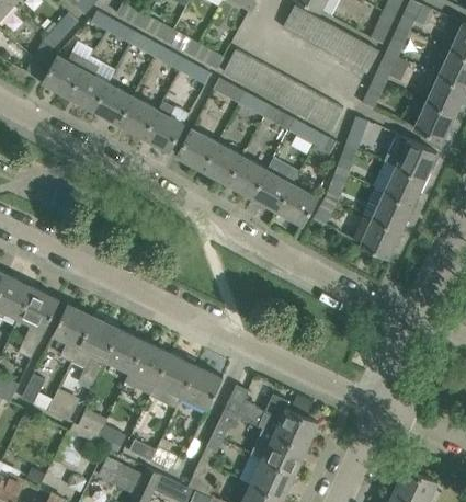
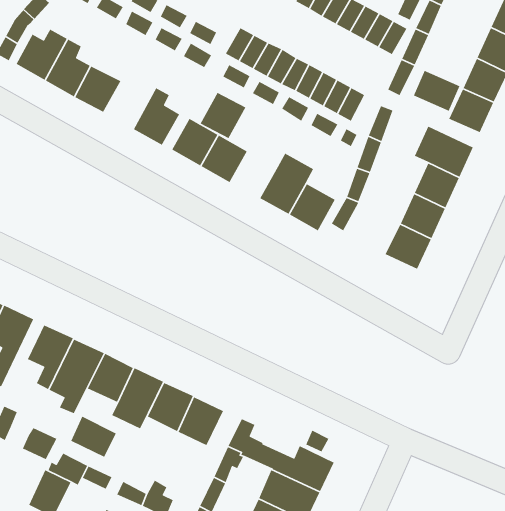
building: none -> [413,70,461,112]
building: [118,96,163,138] -> none
building: [227,157,268,197] -> [199,92,247,139]
building: none -> [70,415,117,458]

